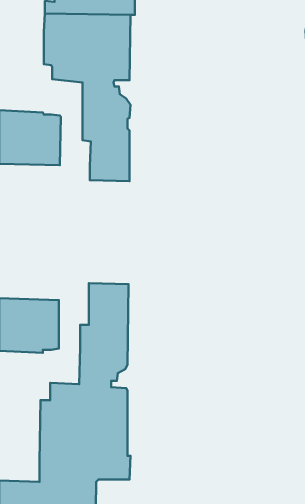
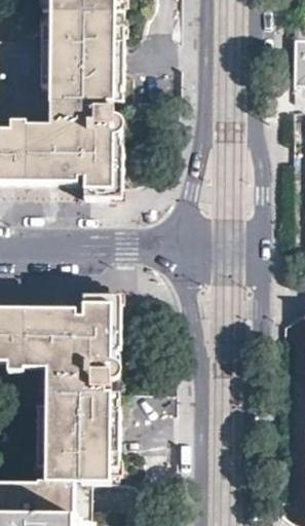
building: none -> [50,101,88,184]
building: none -> [49,312,86,392]

